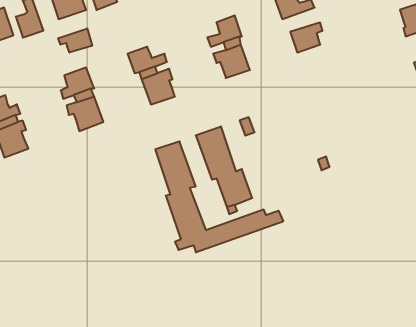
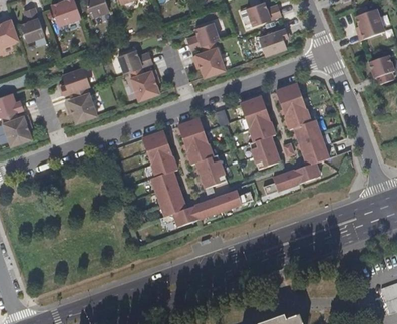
building: [58,28,92,53] -> none
building: none -> [263,84,329,196]
building: none -> [240,96,280,170]

